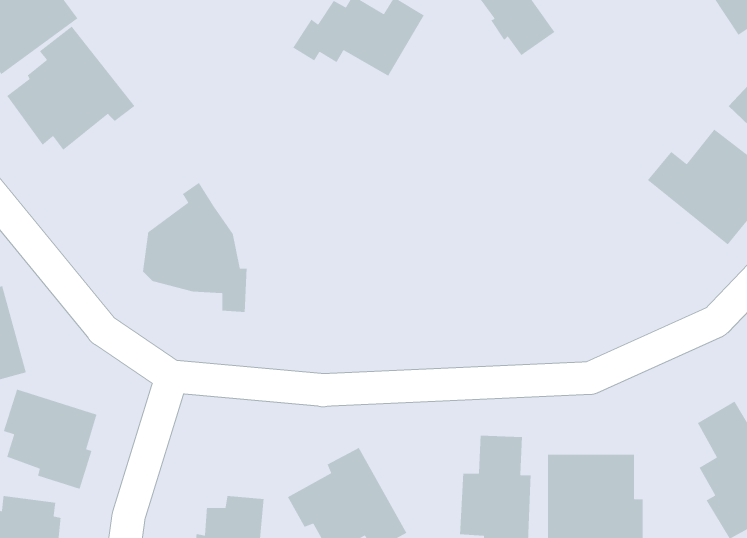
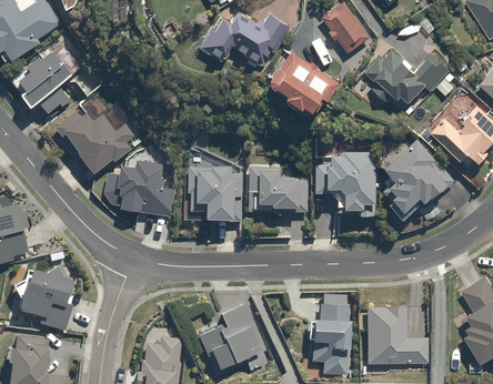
building: none -> [361,48,446,105]
building: none -> [272,51,340,112]
building: none -> [51,107,131,171]
building: none -> [389,140,456,214]
building: none -> [315,151,378,218]
building: none -> [181,162,241,222]
building: none -> [249,165,304,213]

